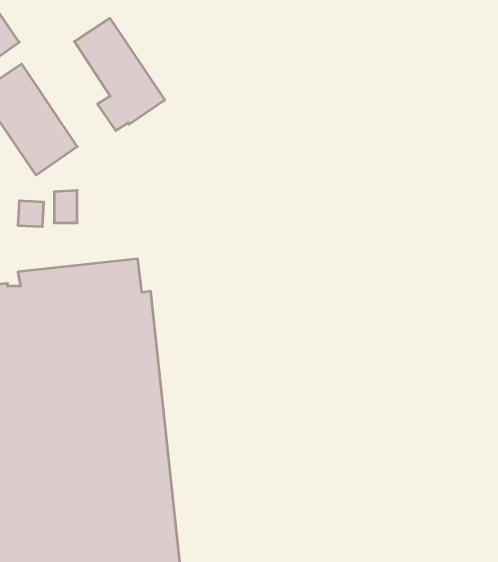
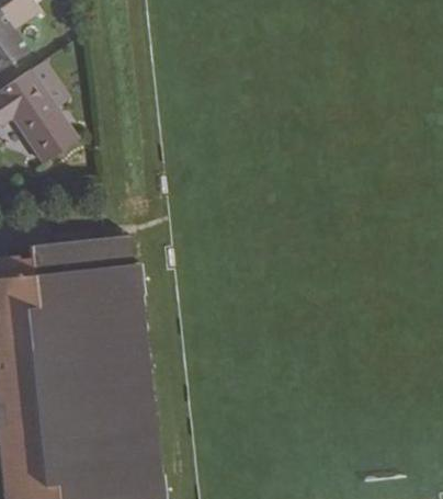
building: [74,18,165,131] -> none

